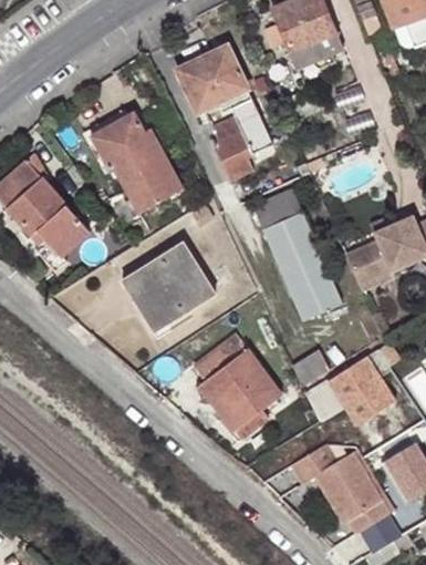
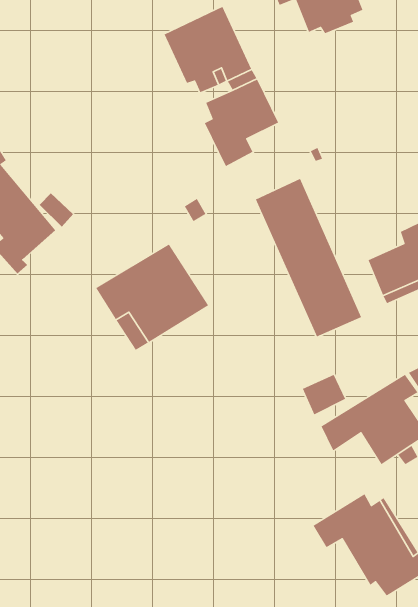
building: [90,110,180,212] -> none
building: [193,331,281,428] -> none

